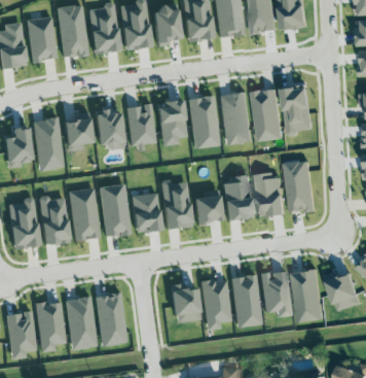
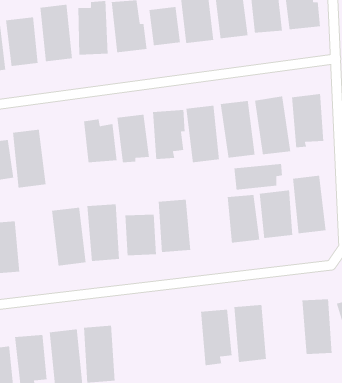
building: [67,111,96,151] -> none
building: none -> [234,163,283,191]
building: [196,195,226,224] -> none
building: [41,196,71,245] -> none
building: [262,271,292,317] -> none
building: [173,284,204,322] -> none

